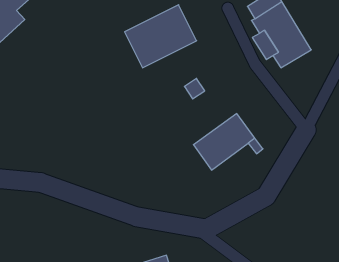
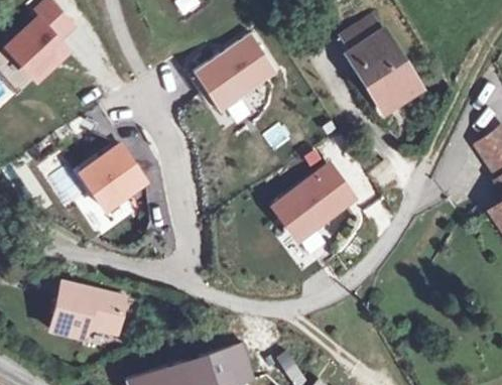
building: none -> [81,145,146,210]
building: none -> [48,284,125,341]

